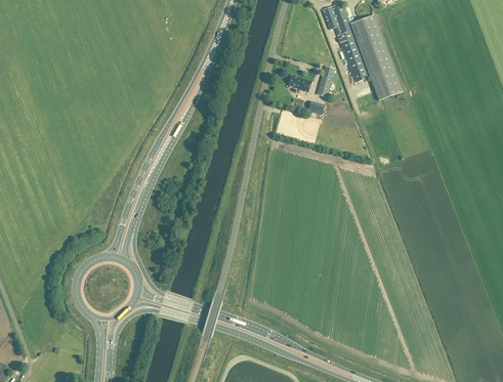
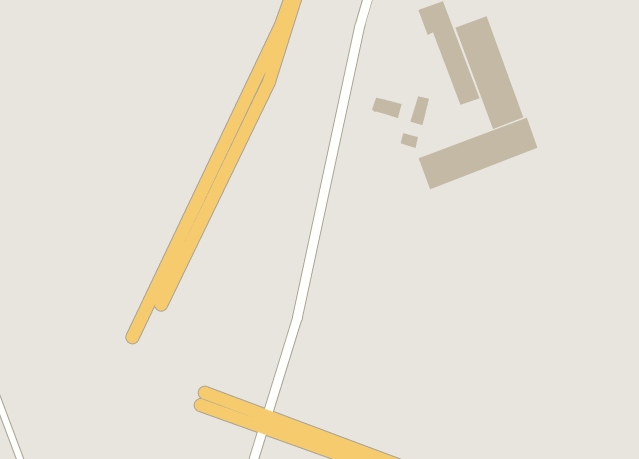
building: none -> [418,117,538,190]

